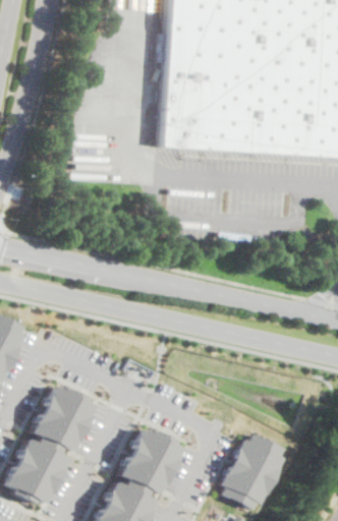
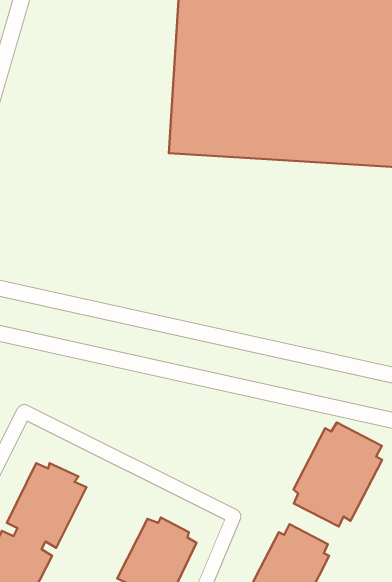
building: none -> [293,423,382,527]

